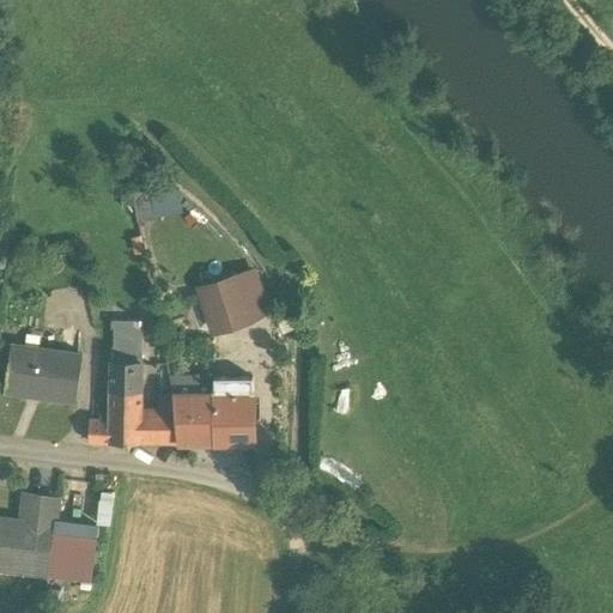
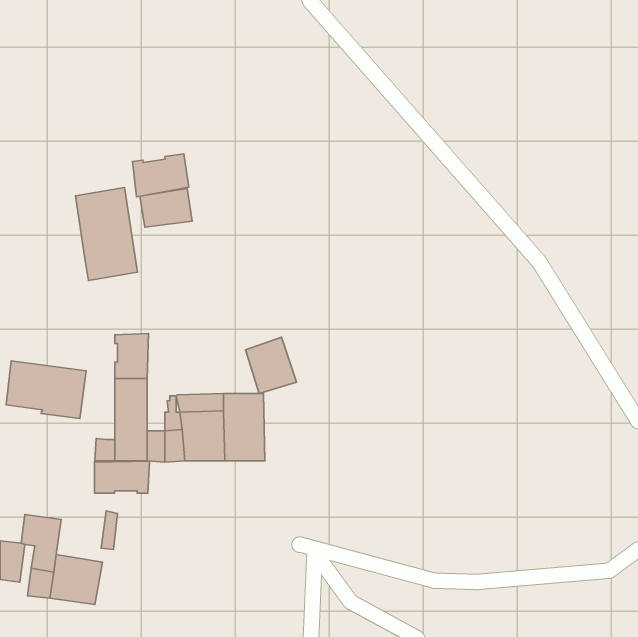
building: none -> [132,154,189,197]
building: none -> [76,187,137,281]
building: [202,278,251,332] -> [245,337,297,393]
building: none -> [95,461,149,493]

